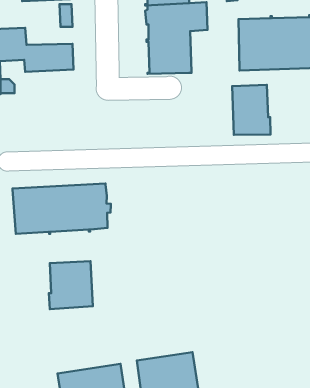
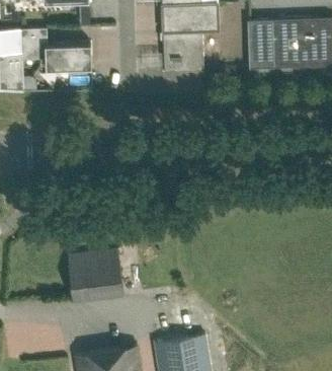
building: [232,85,271,135] -> none
building: [13,184,111,234] -> none

